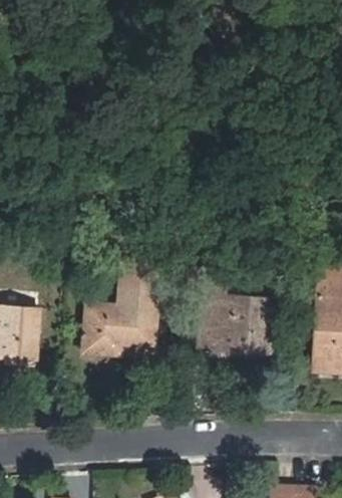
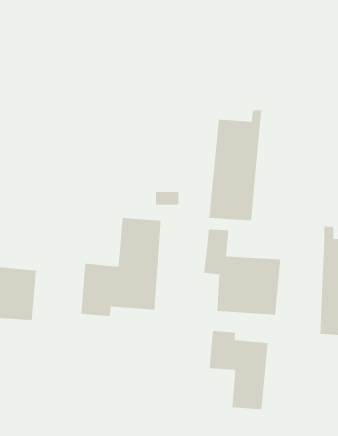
building: none -> [209,109,262,221]
building: none -> [209,330,268,410]

